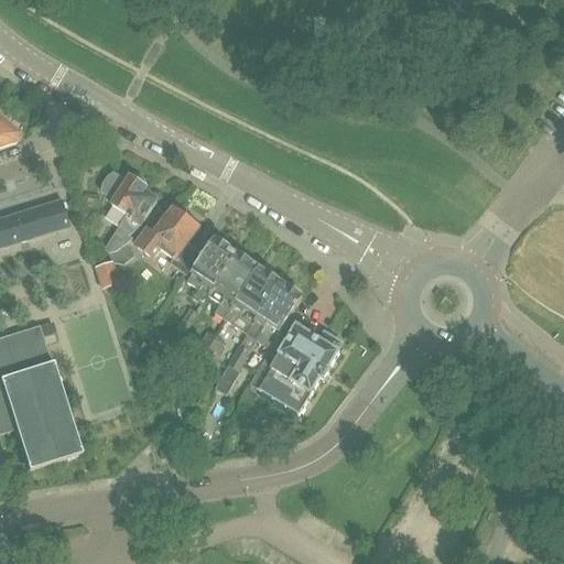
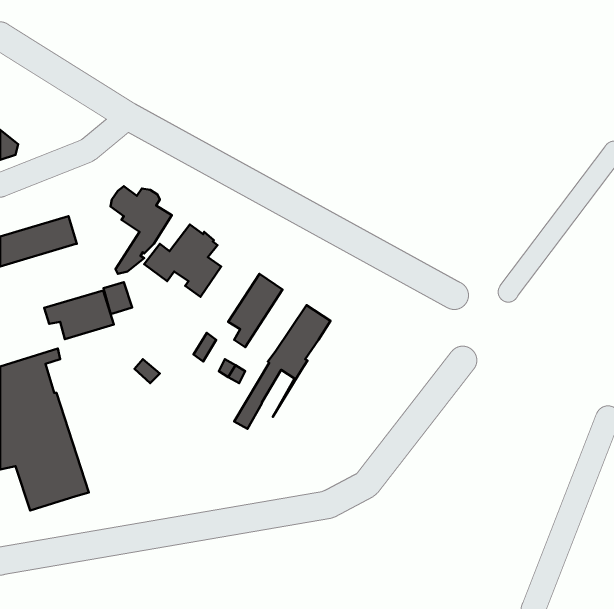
building: [187,237,238,304] -> none
building: [225,265,281,325] -> none
building: none -> [44,291,114,339]
building: [250,312,343,412] -> none

